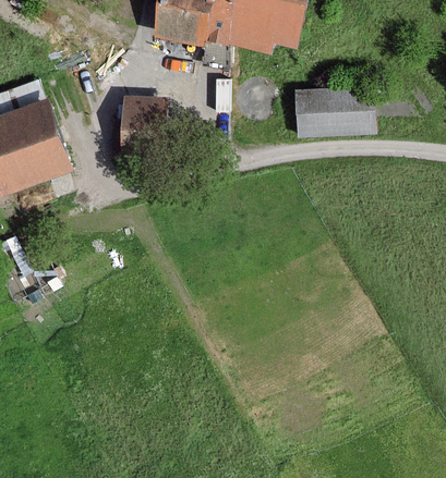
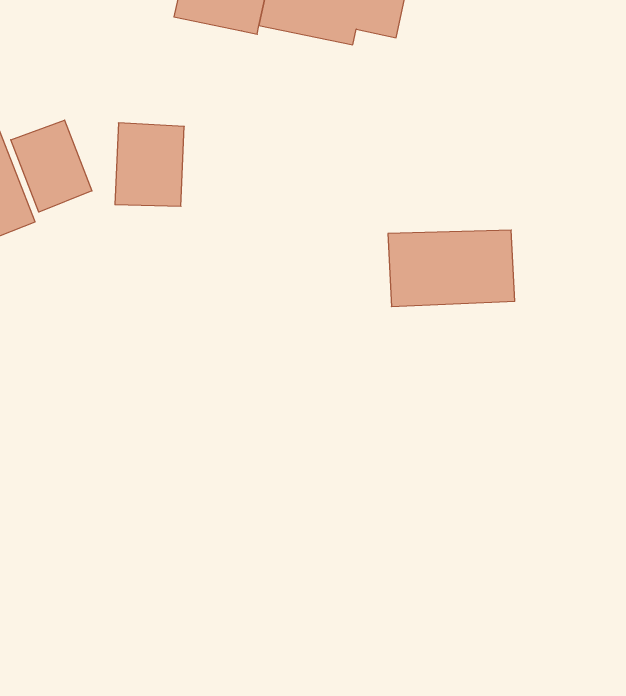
building: [293,89,373,137] -> [388,230,515,307]
building: none -> [11,120,92,212]

